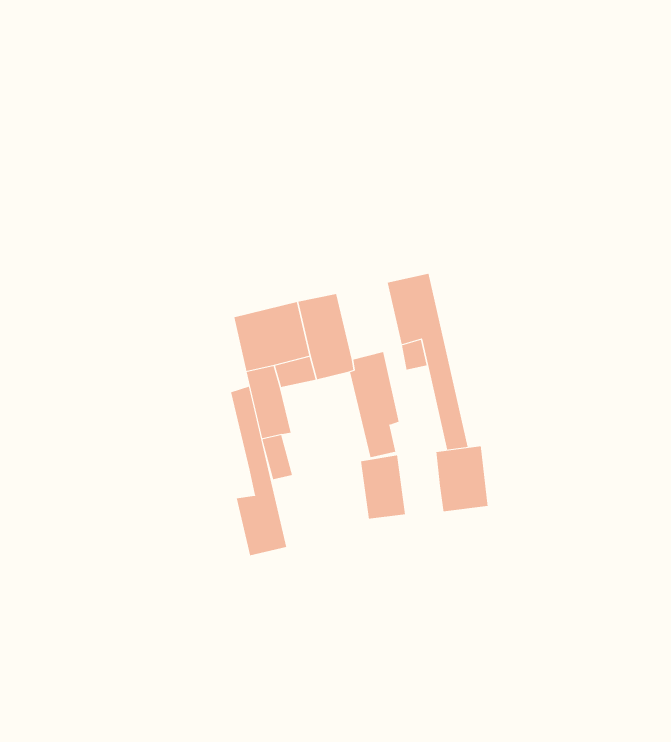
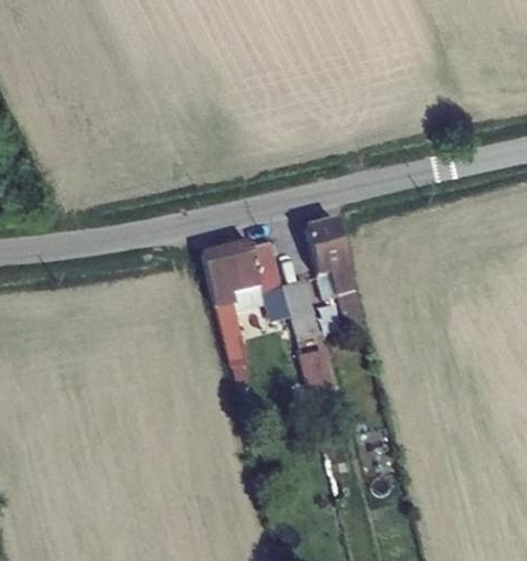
building: [231,386,287,556] -> none
building: [436,446,488,512] -> none

